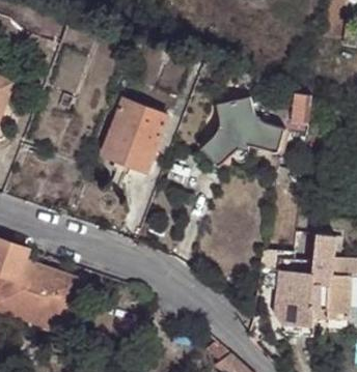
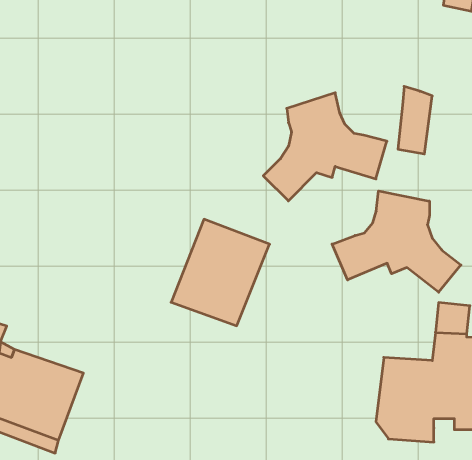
building: [104,103,169,173] -> [171,219,270,326]
building: none -> [332,191,461,292]

